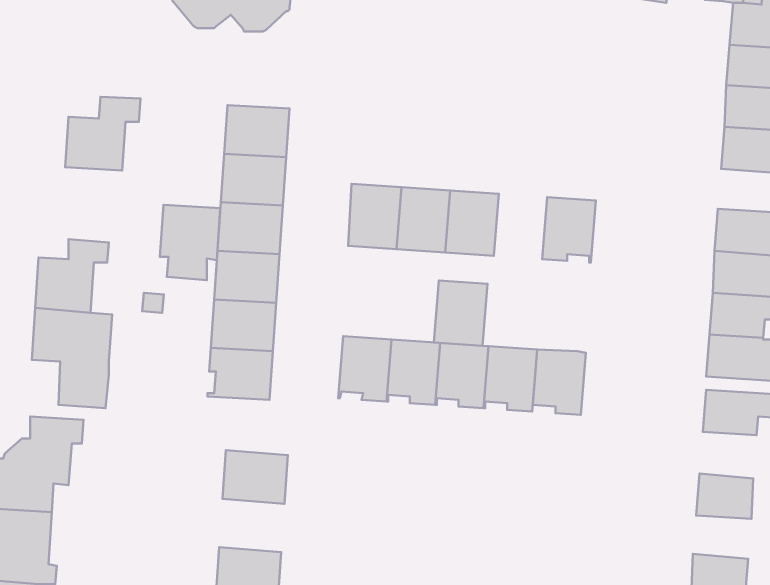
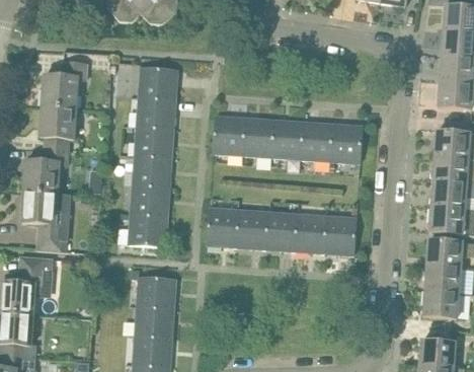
building: [160,205,220,280] -> [40,105,76,151]
building: [434,281,487,346] -> [301,122,333,161]
building: none -> [425,266,460,294]
building: none -> [135,306,174,339]

